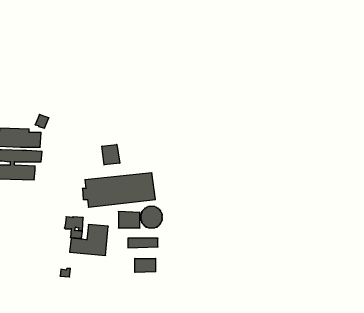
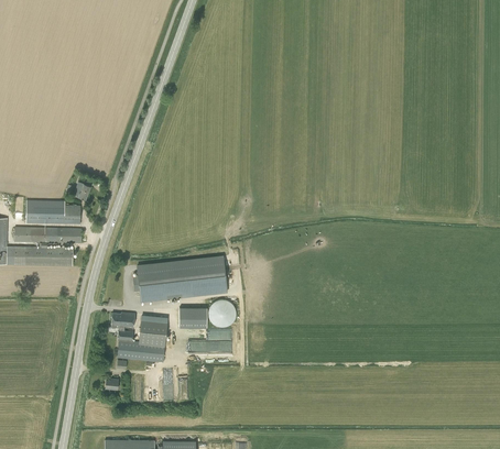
building: [102,144,120,165] -> none
building: [135,258,156,272] -> none

